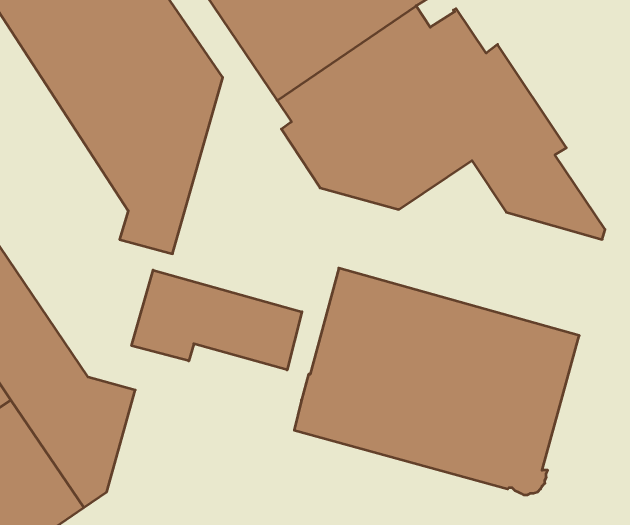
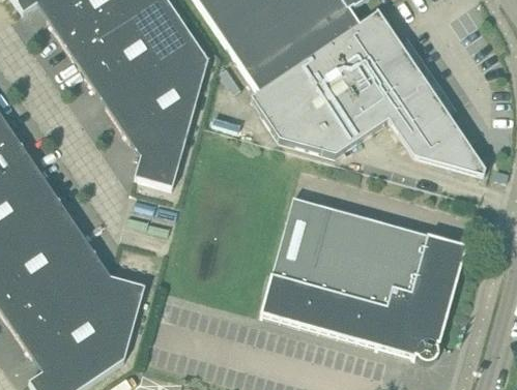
building: [132,270,302,370] -> none

